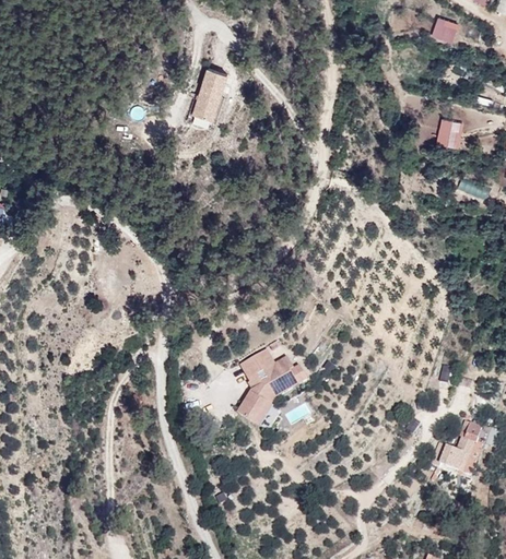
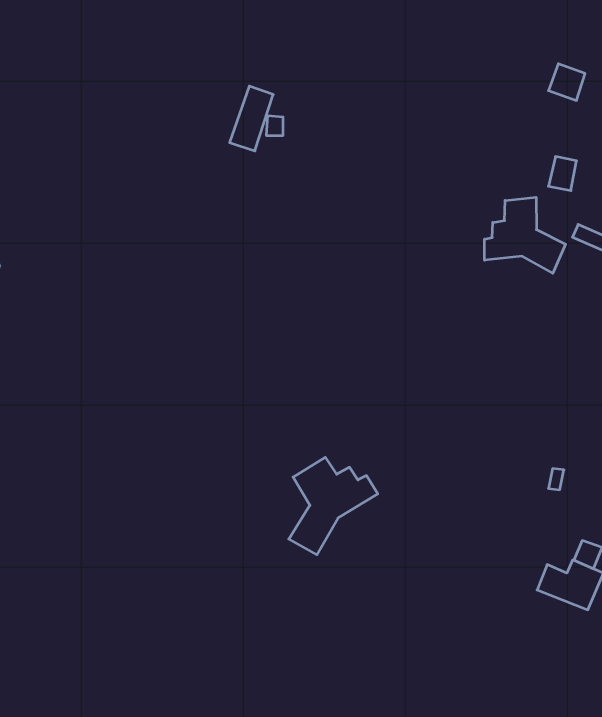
building: [431,13,459,41] -> [548,64,585,100]
building: none -> [485,197,566,273]

